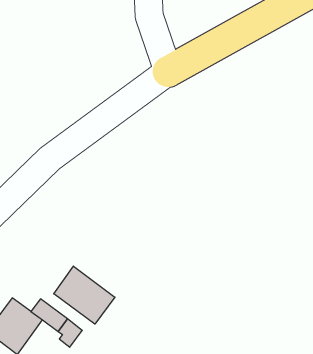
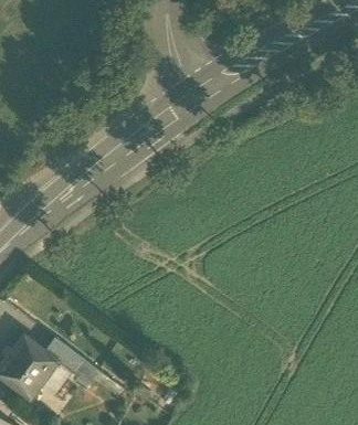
building: [54,266,115,324] -> none

